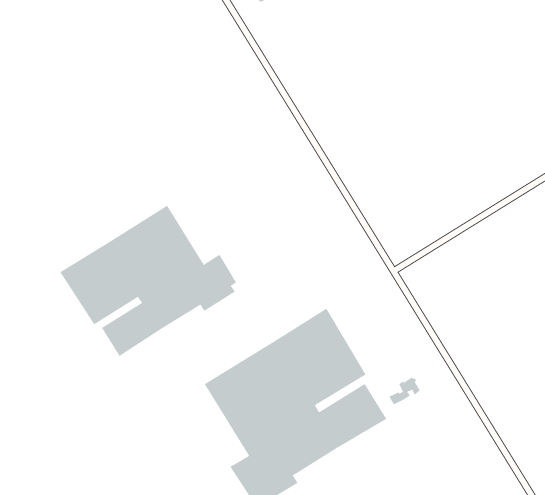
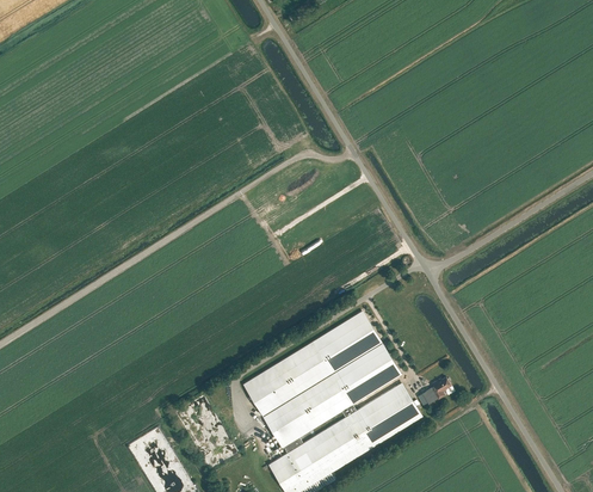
building: [59,205,237,357] -> none

